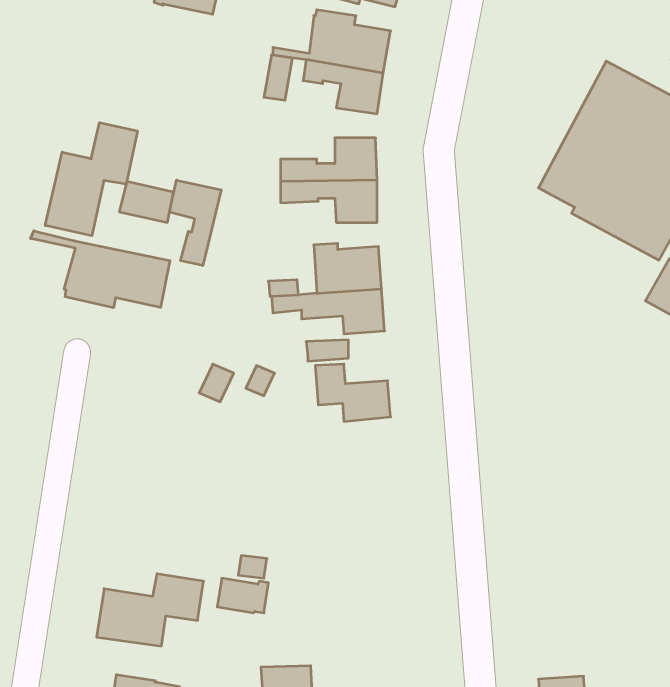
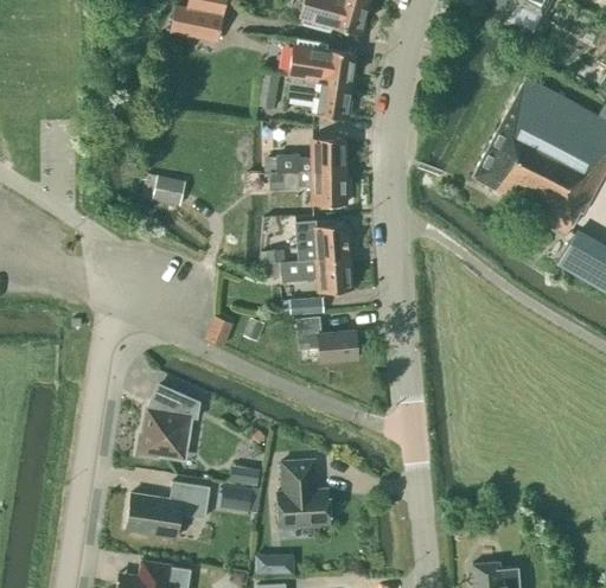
building: [45,123,137,236] -> none
building: [169,180,221,266] -> none
building: [31,231,170,308] -> none
building: none -> [138,384,200,458]
building: none -> [278,460,330,528]

